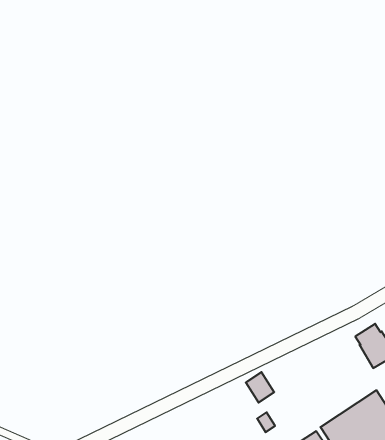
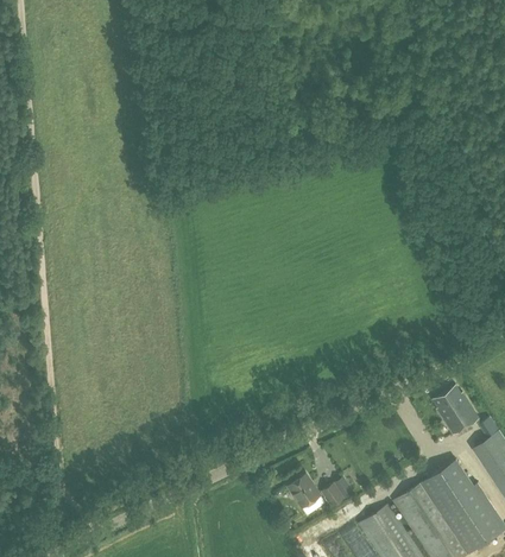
building: [246,372,274,403] -> [288,474,320,508]

